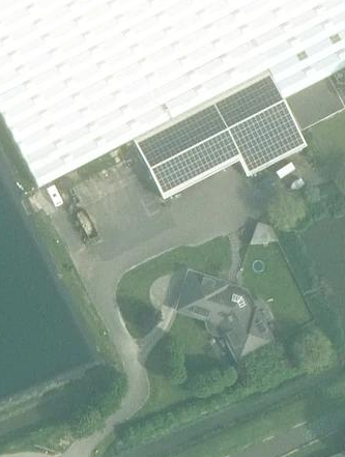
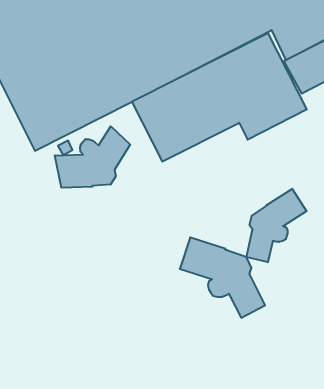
building: none -> [55,126,130,188]
building: none -> [246,189,306,262]

